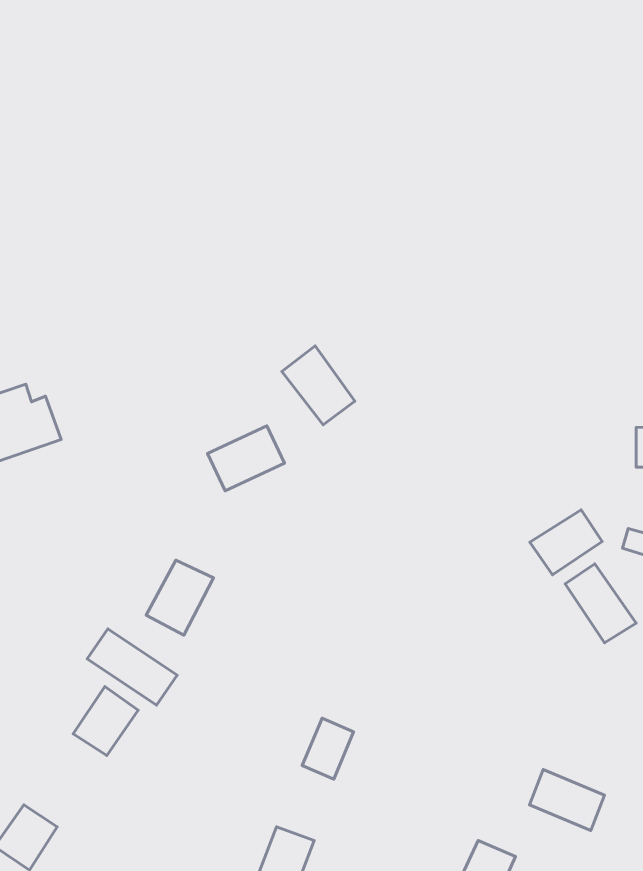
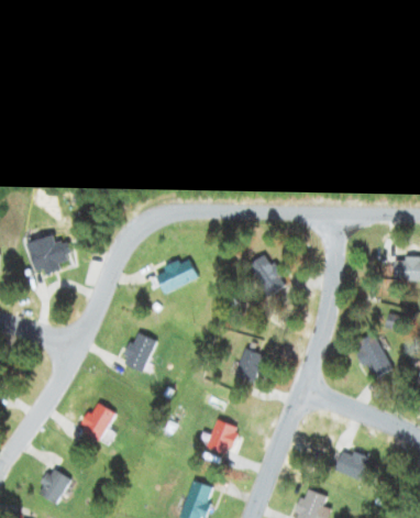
building: [282,346,355,425] -> [247,253,288,297]
building: [530,510,602,575] -> none
building: none -> [234,348,267,384]
building: [87,629,177,705] -> none

